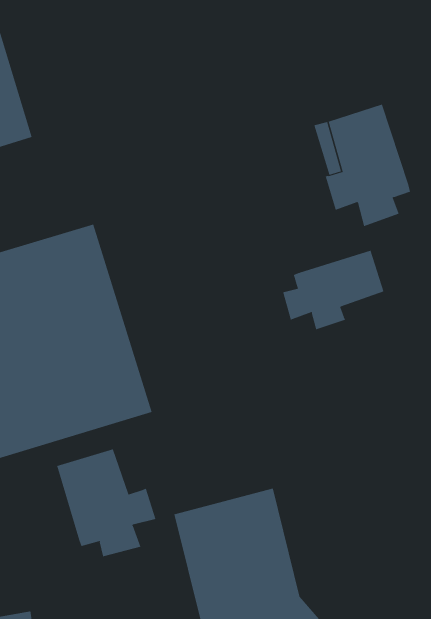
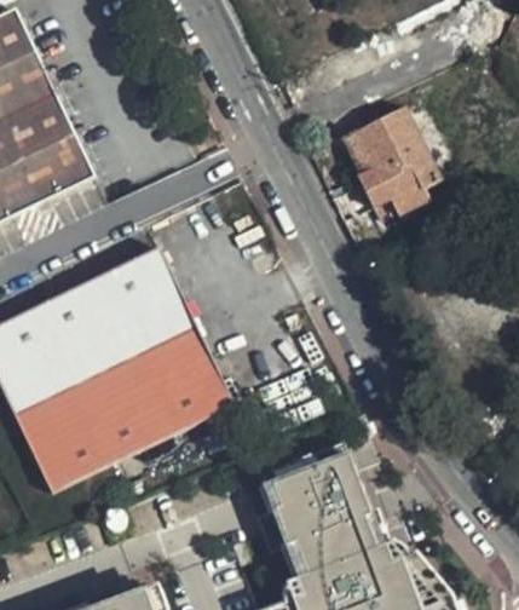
building: [283,250,384,330] -> none
building: [57,448,156,557] -> none

